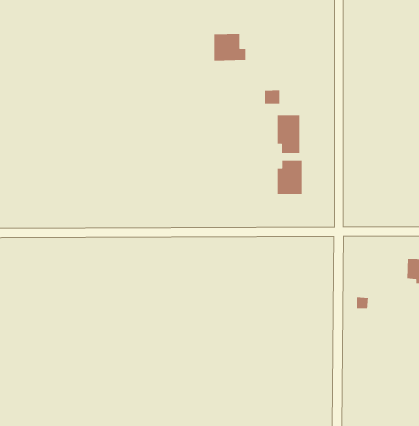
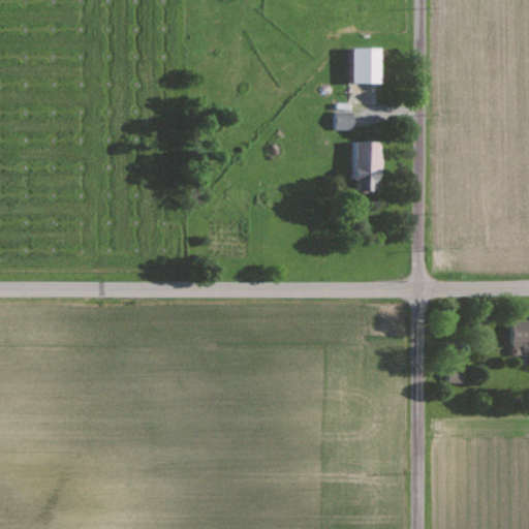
building: [214,33,246,61] -> [350,48,391,83]
building: [277,160,302,195] -> none

